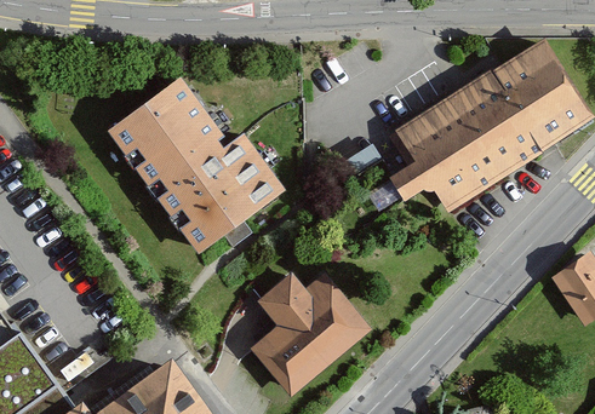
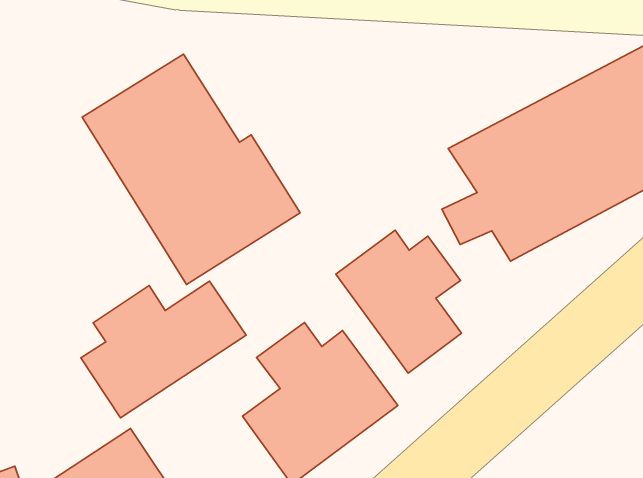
building: none -> [336,230,461,373]
building: none -> [81,281,246,418]

